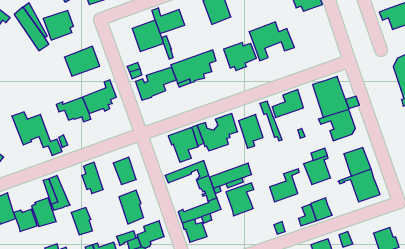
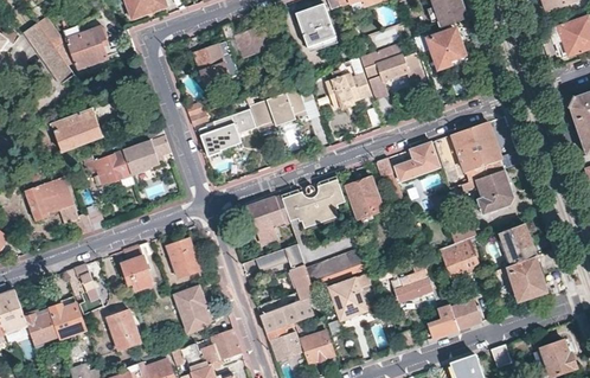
building: none -> [427,30,464,68]
building: [64,46,100,76] -> [51,109,102,152]
building: none -> [301,332,334,364]

